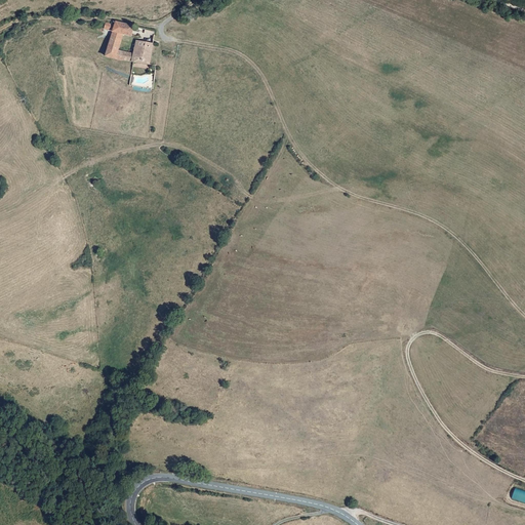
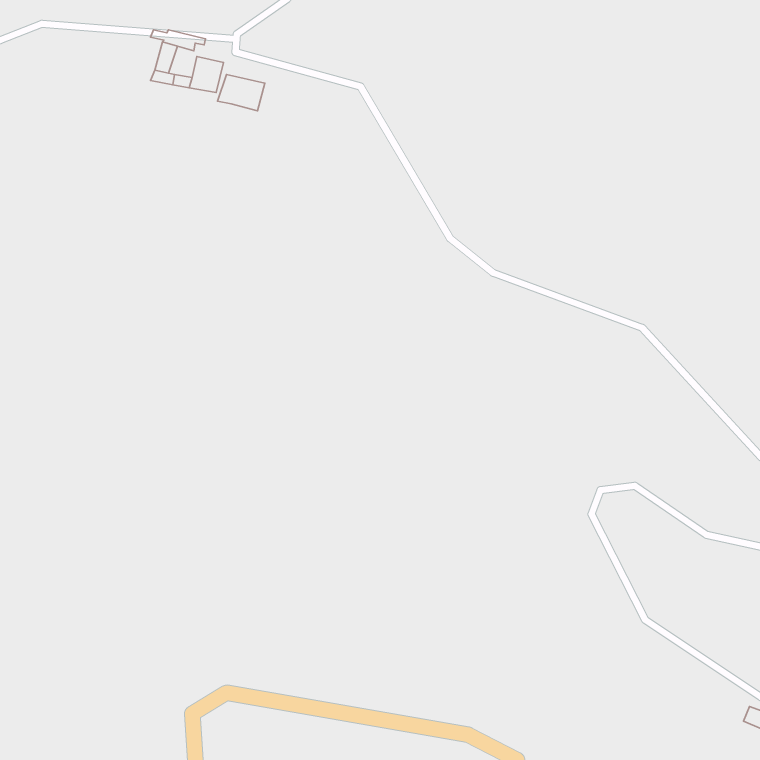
building: none -> [218,74,265,111]

